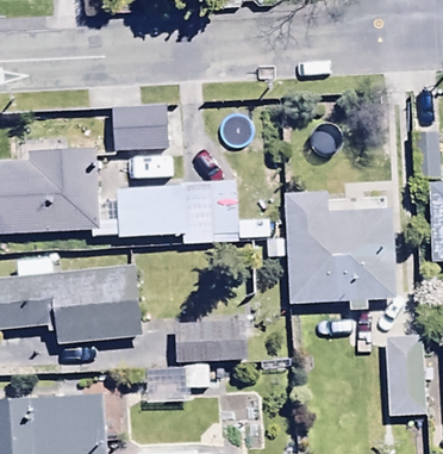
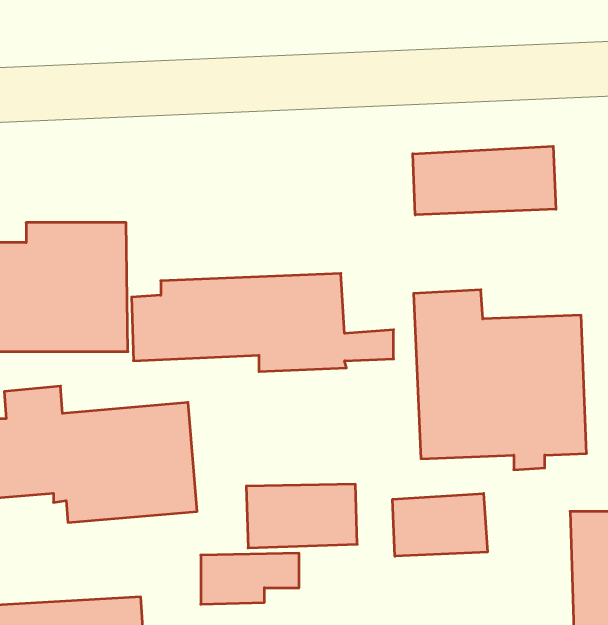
building: none -> [413,146,556,215]
building: [112,105,168,151] -> none
building: none -> [393,493,487,556]

